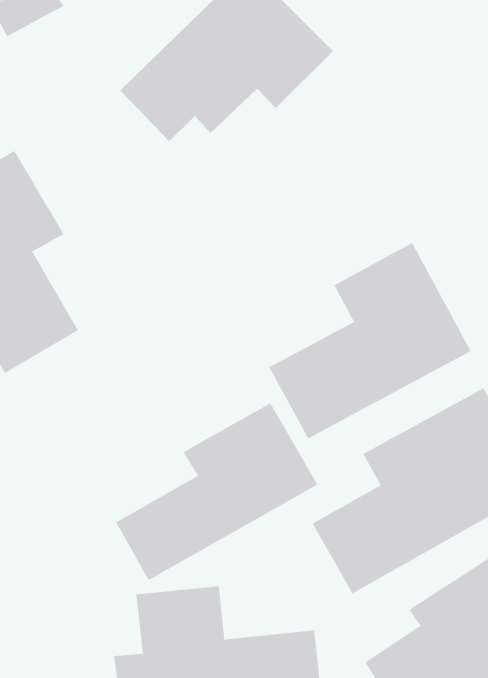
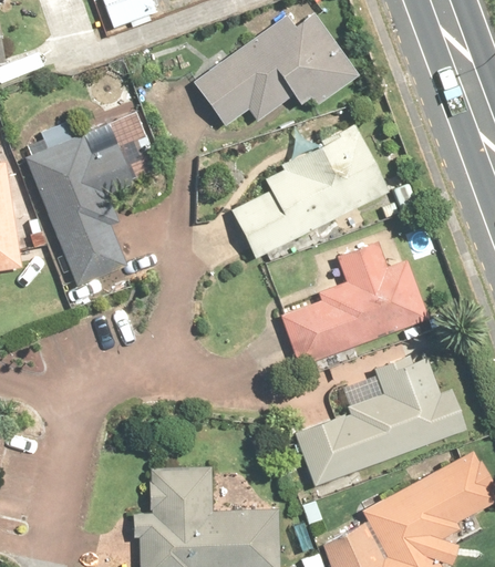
building: none -> [231,121,390,260]
building: [115,402,318,581] -> none

